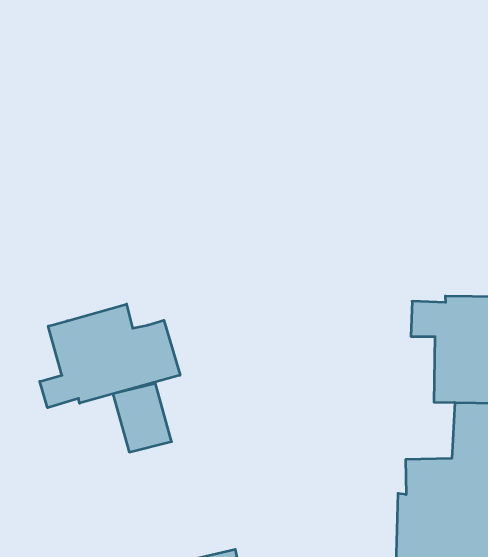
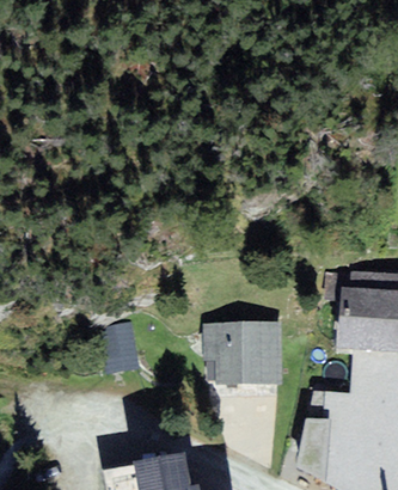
building: [40,304,180,408] -> none
building: none -> [202,321,281,385]

